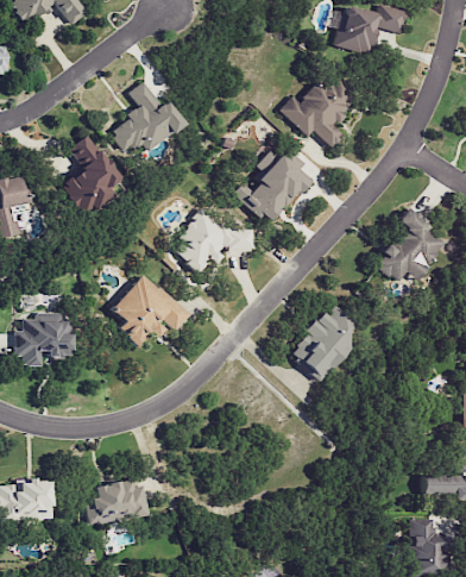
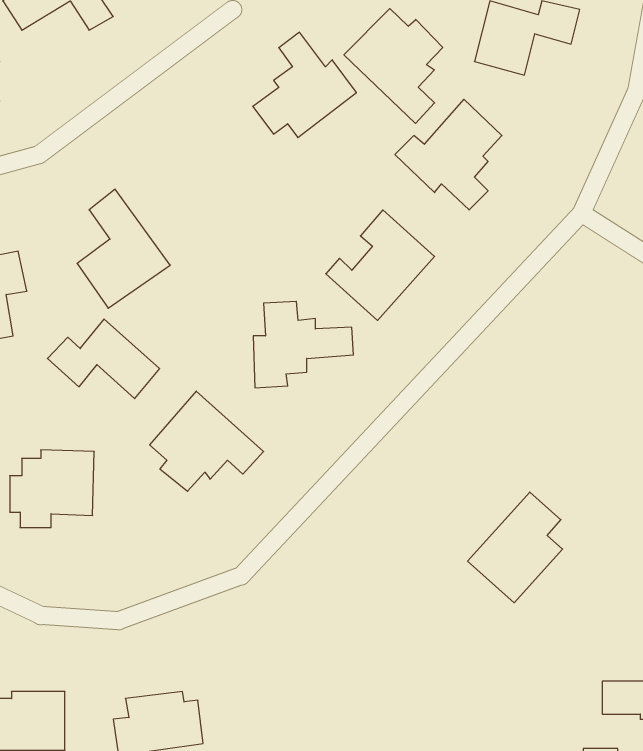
building: none -> [344,9,443,123]
building: [112,81,183,153] -> [253,32,356,138]
building: [376,211,446,282] -> none
building: none -> [47,319,160,399]
building: [289,305,354,381] -> [468,492,563,603]

